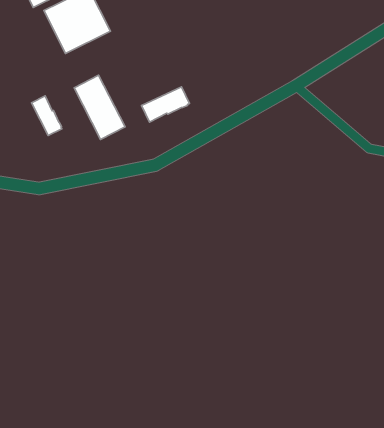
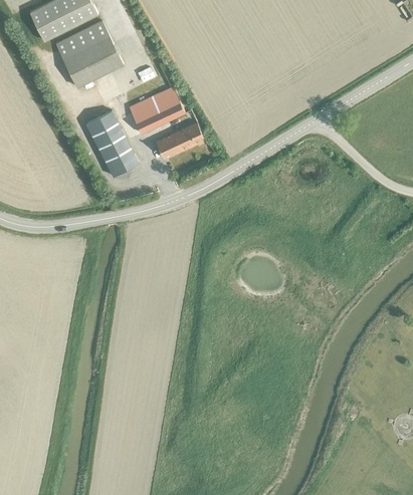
building: none -> [129,86,185,135]
building: [32,96,62,136] -> none

